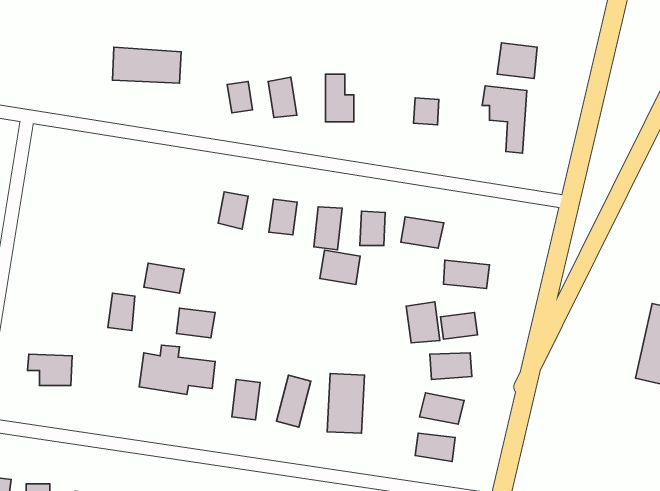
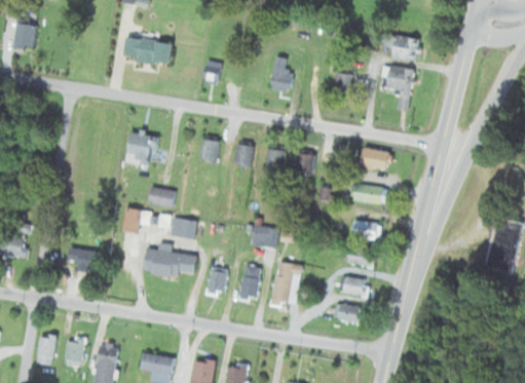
building: [268,77,297,118] -> none
building: none -> [126,130,155,165]
building: [401,217,444,248] -> [360,148,389,169]
building: [320,250,360,284] -> [250,225,277,248]
building: [406,302,440,343] -> none

